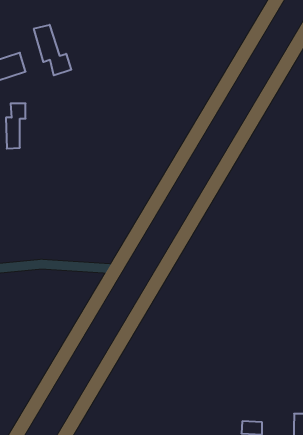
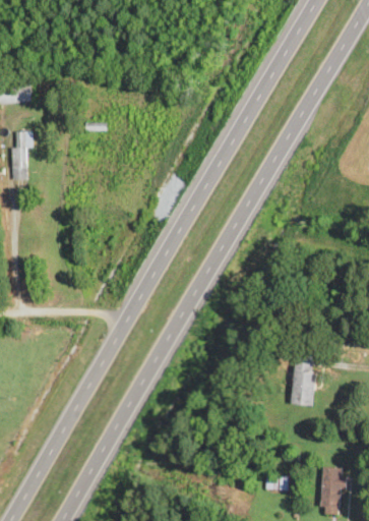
building: [34,25,71,75] -> none
building: none -> [291,355,316,406]

